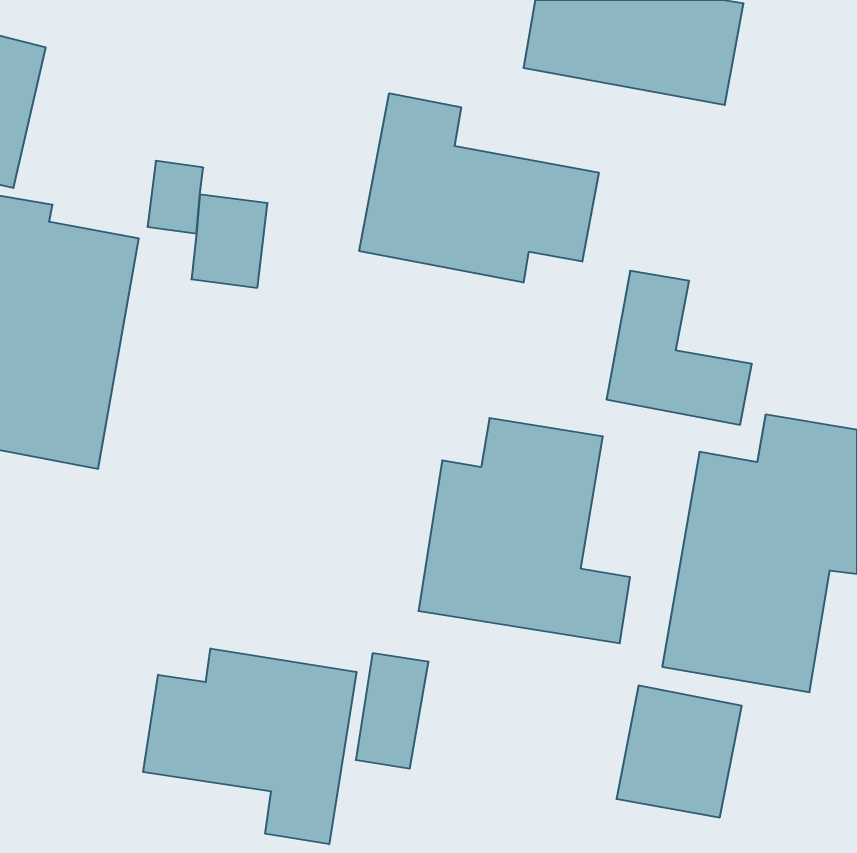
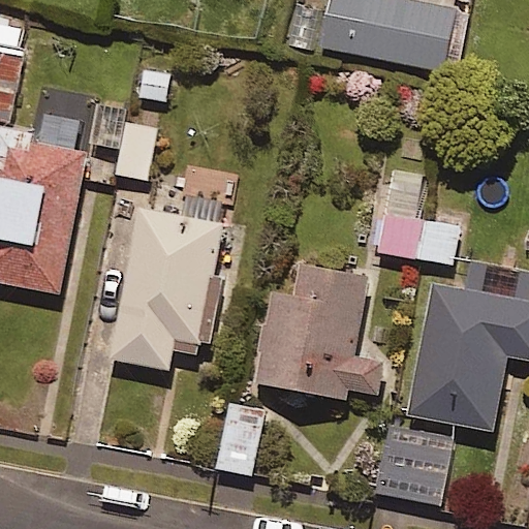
building: [359,93,599,283] -> none
building: none -> [111,189,227,370]
building: [143,648,356,844] -> none

